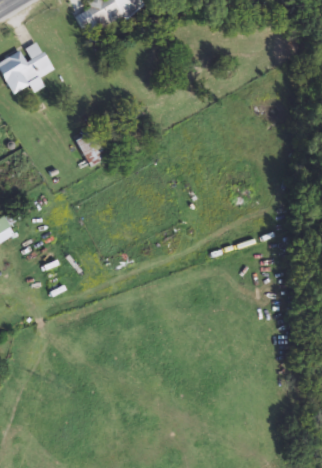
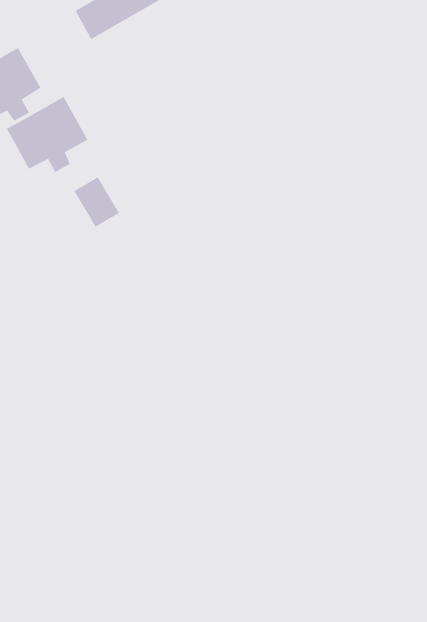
building: none -> [6,96,88,173]

